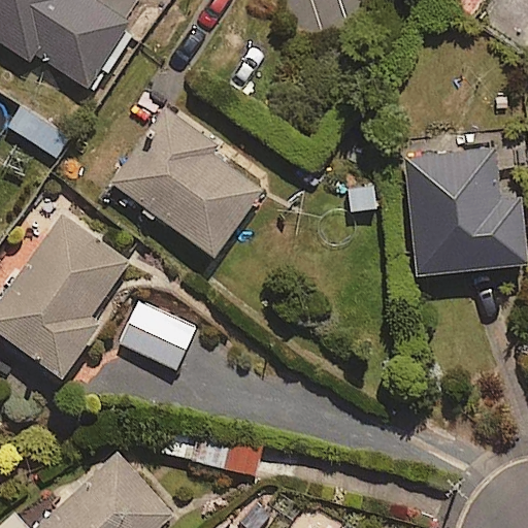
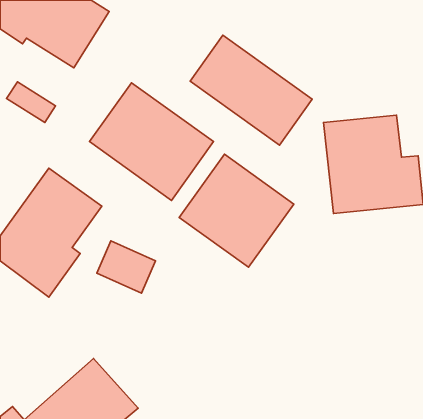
building: none -> [190,35,312,145]
building: none -> [179,154,294,267]

